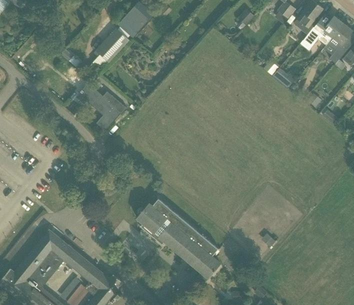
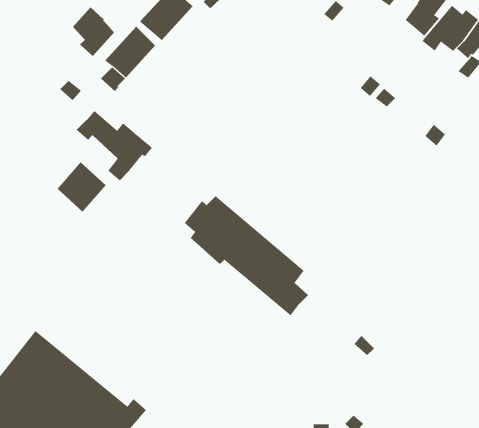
building: none -> [72,7,115,57]
building: none -> [57,162,106,212]
building: [138,198,221,278] -> [184,196,309,316]

